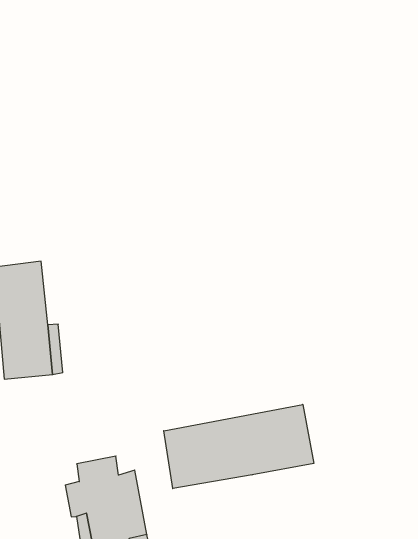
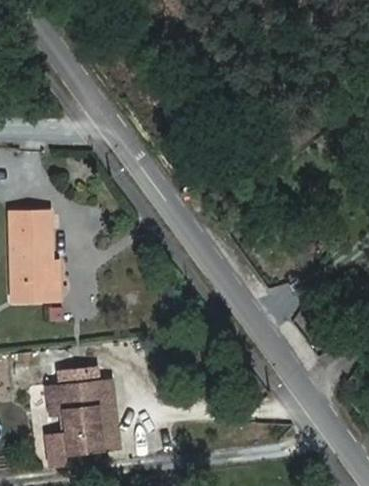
building: [164,404,314,489] -> none

